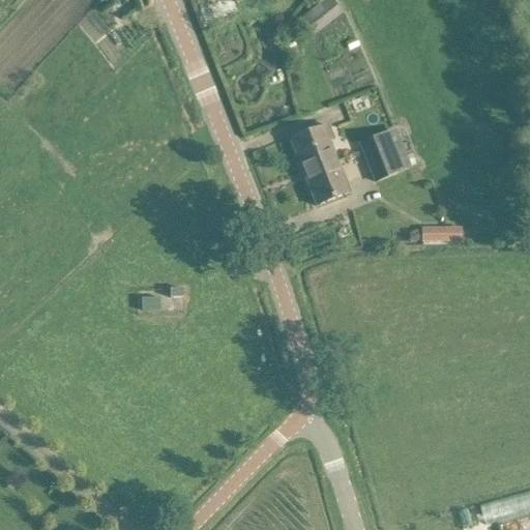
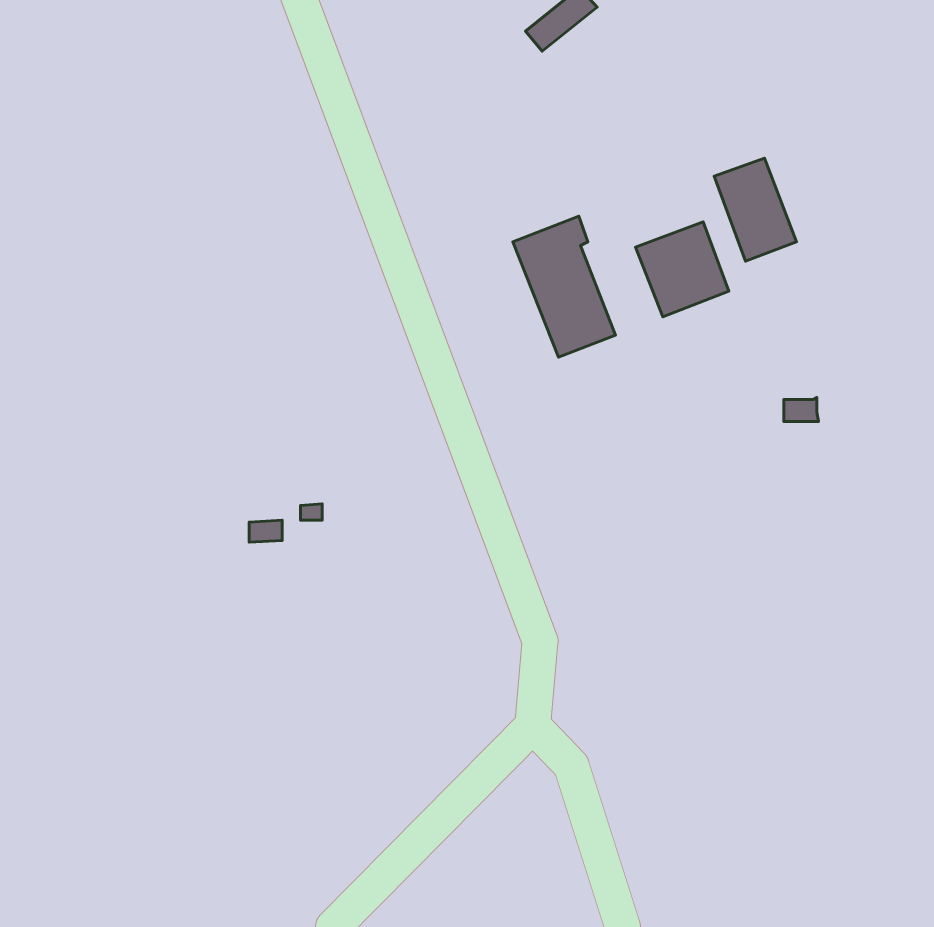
building: none -> [714,158,797,261]

